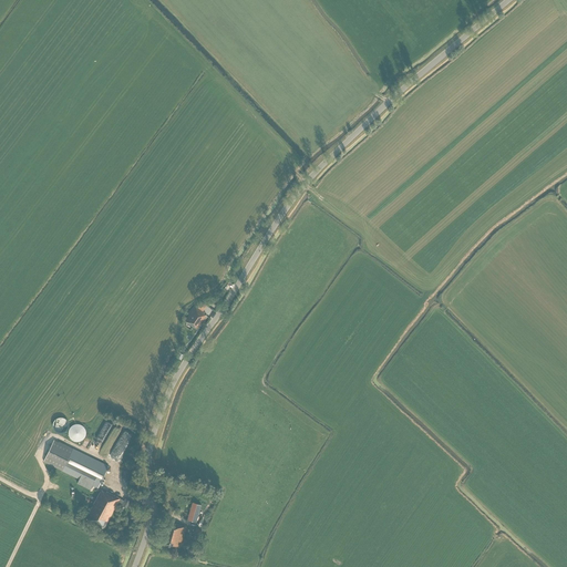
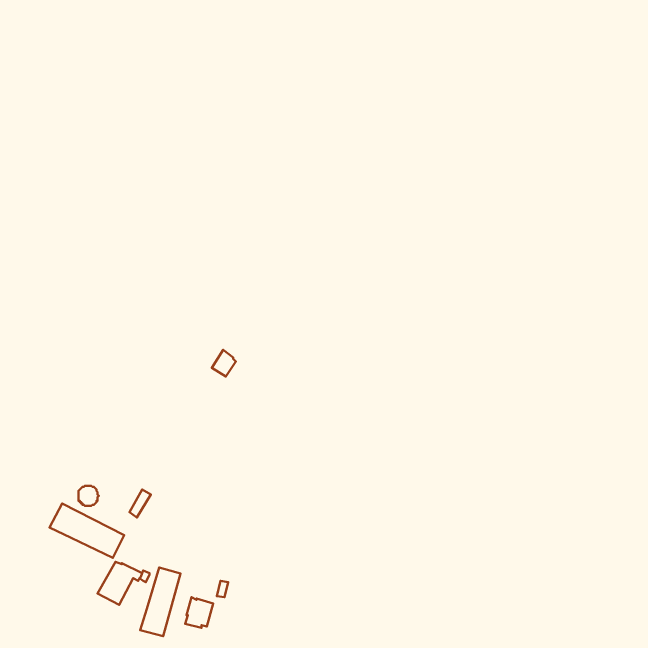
building: none -> [140,567,181,636]

